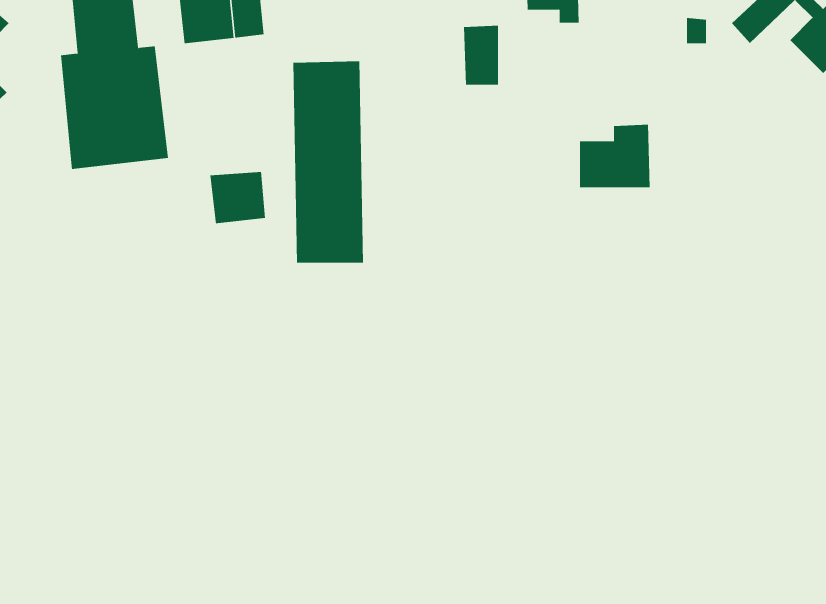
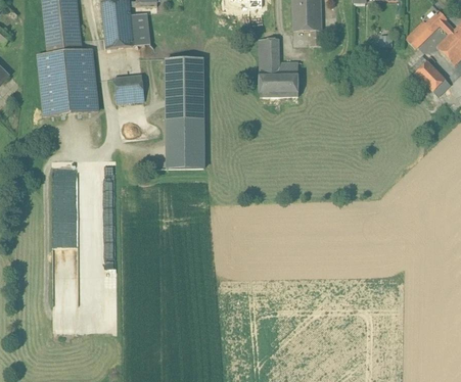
building: none -> [410,55,451,96]
building: [579,124,651,188] -> [260,61,298,96]
building: [209,171,266,224] -> [113,75,144,103]

